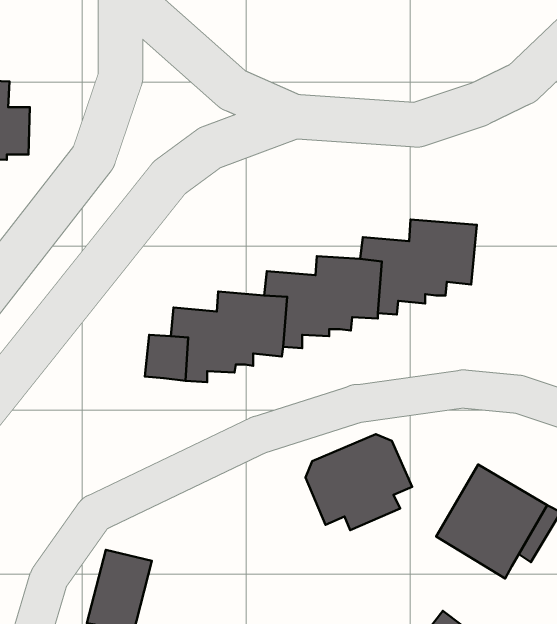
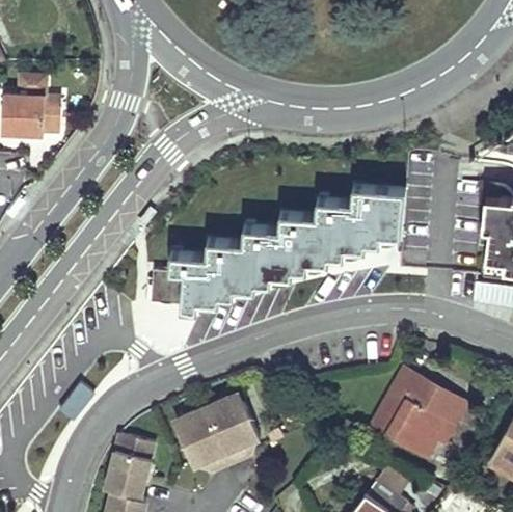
building: [305,434,412,530] -> [179,397,261,470]

